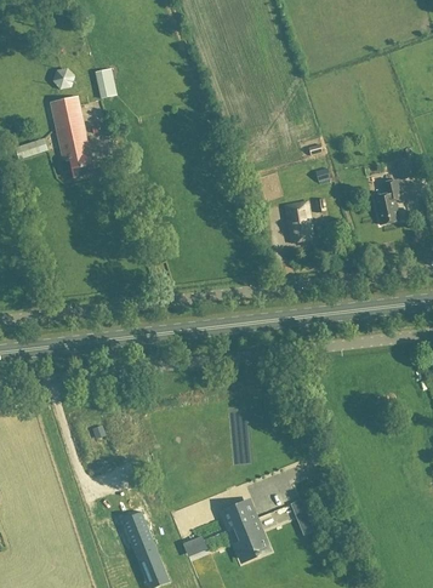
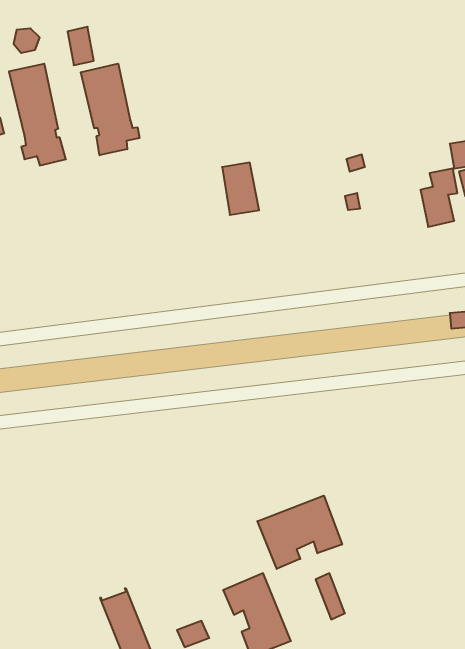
building: none -> [81,64,140,155]
building: [285,200,314,241] -> [222,163,259,215]
building: none -> [257,496,342,569]

